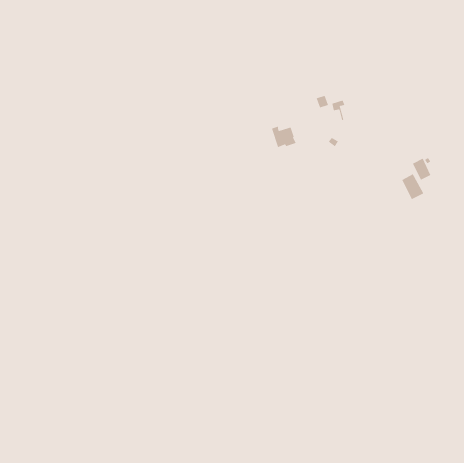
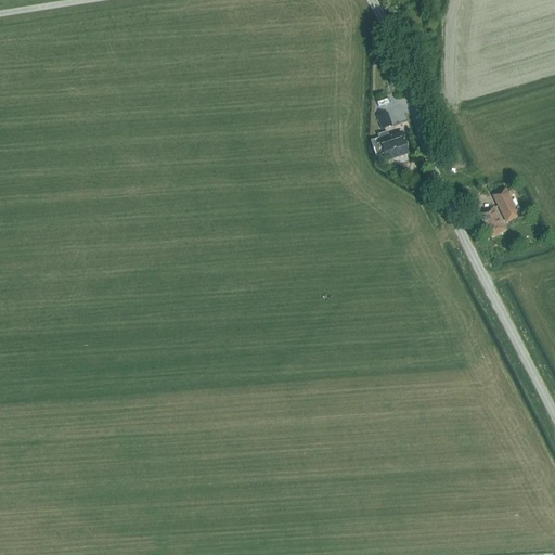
building: [271,126,297,148] -> [378,132,409,158]

